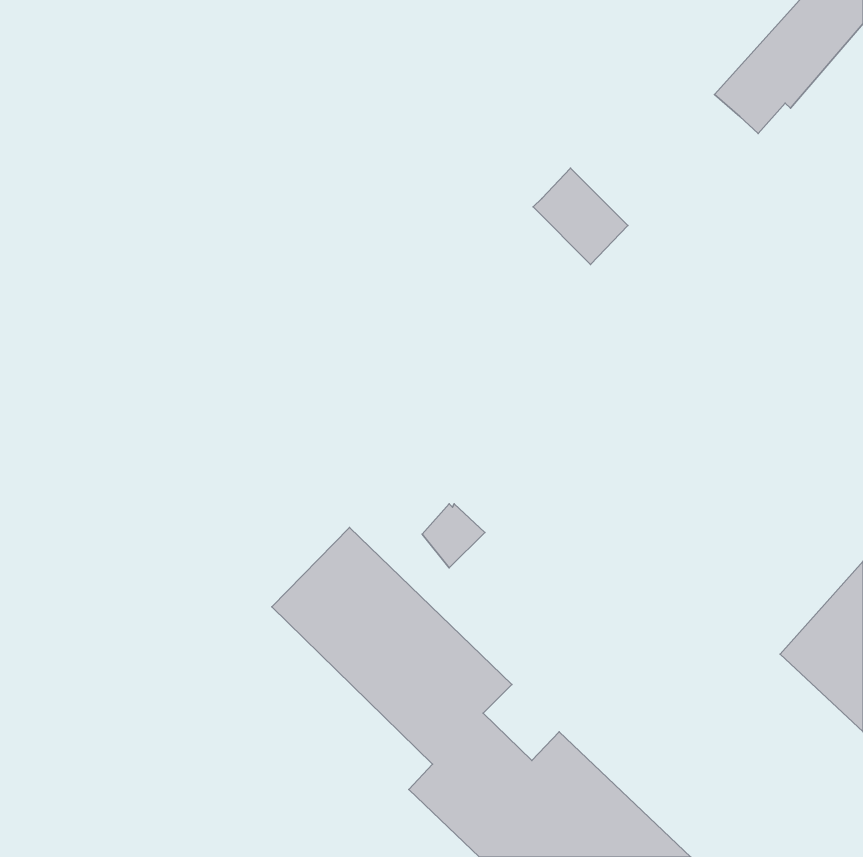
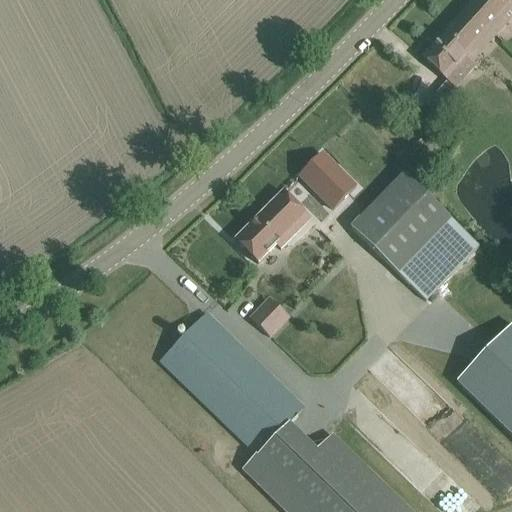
building: [533,168,628,264] -> [299,151,355,208]
building: none -> [351,173,477,299]
building: none -> [235,190,314,262]

